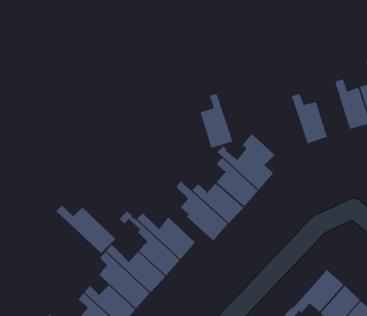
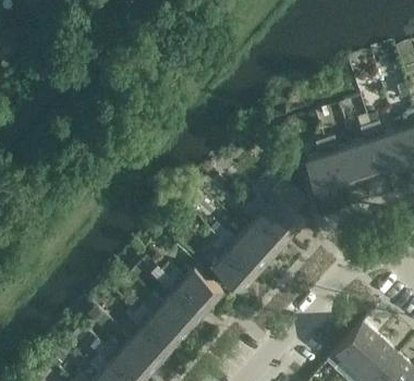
building: none -> [350,125,385,184]
building: [199,93,234,149] -> [304,140,340,199]
building: [55,205,116,254] -> none

